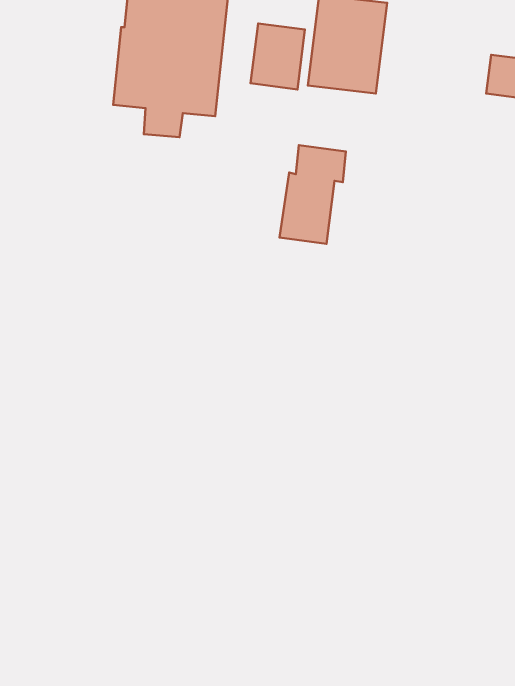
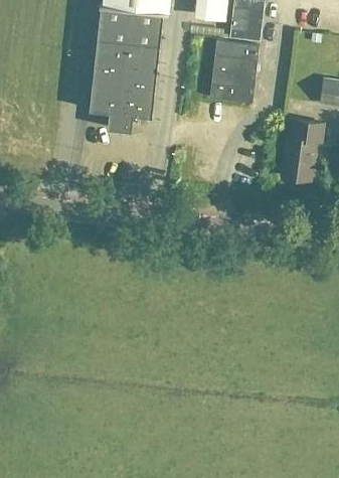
building: [251,24,305,89] -> none
building: [279,145,346,244] -> [281,120,322,181]

